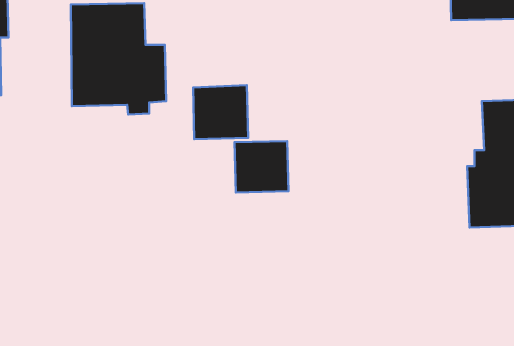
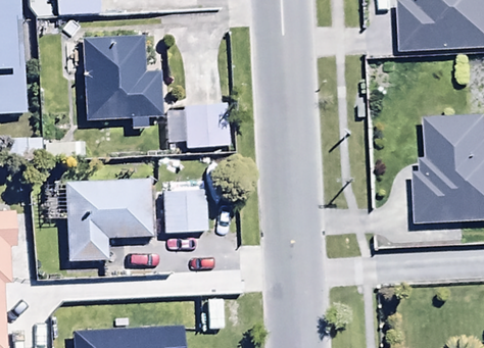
building: [235,141,288,192] -> [162,189,207,232]
building: none -> [64,179,151,259]

